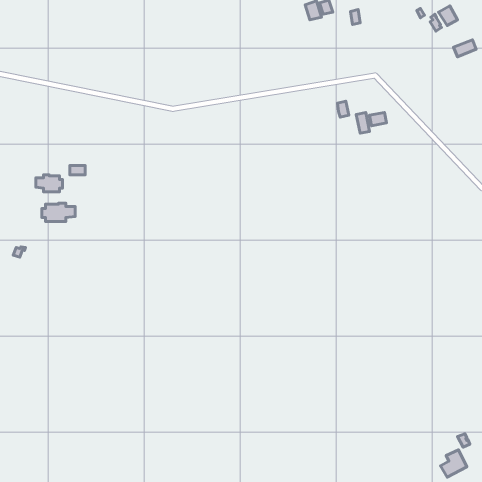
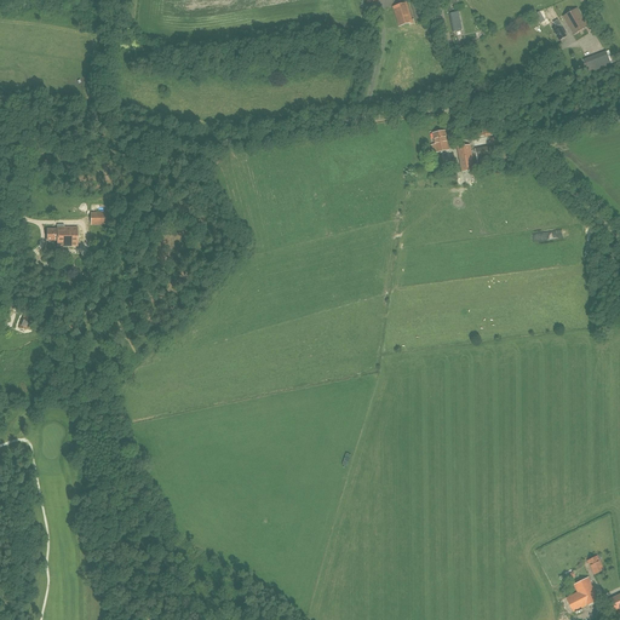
building: [42,203,75,222] -> none

